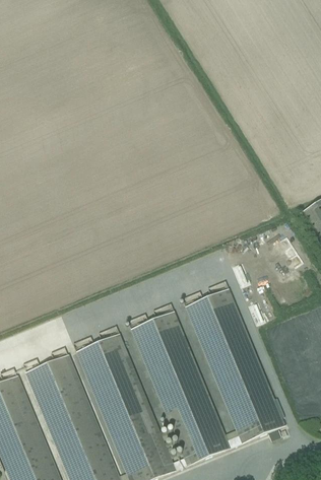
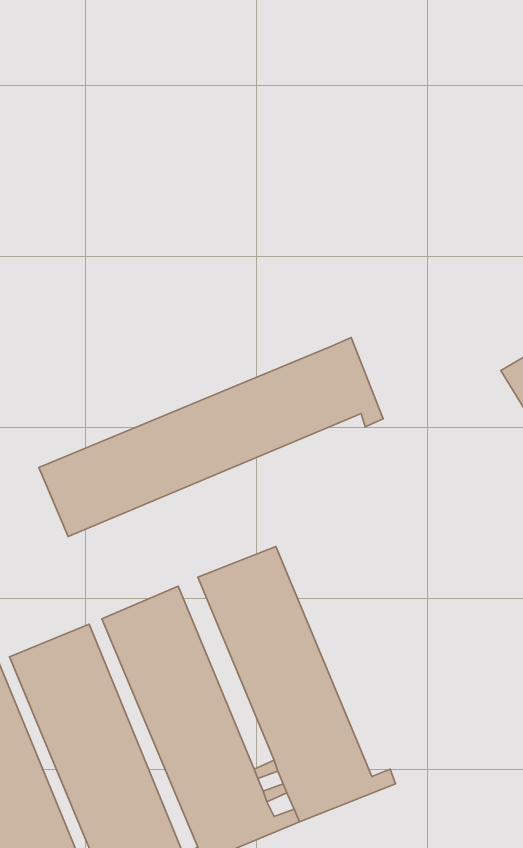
building: none -> [39,337,383,537]
building: [186,287,285,442] -> none

